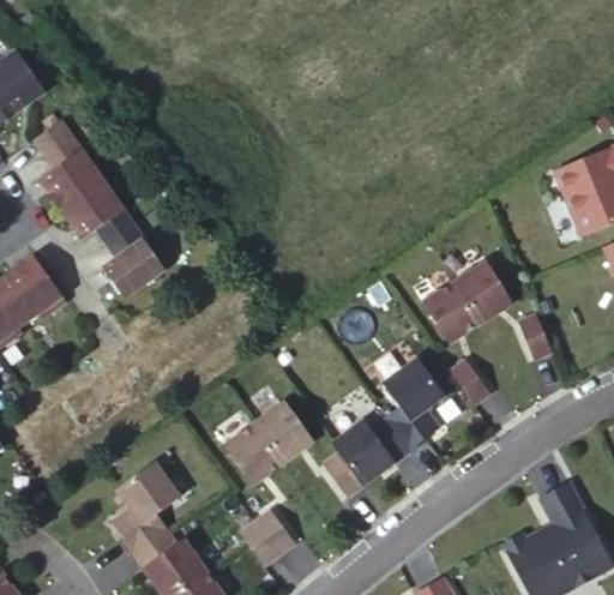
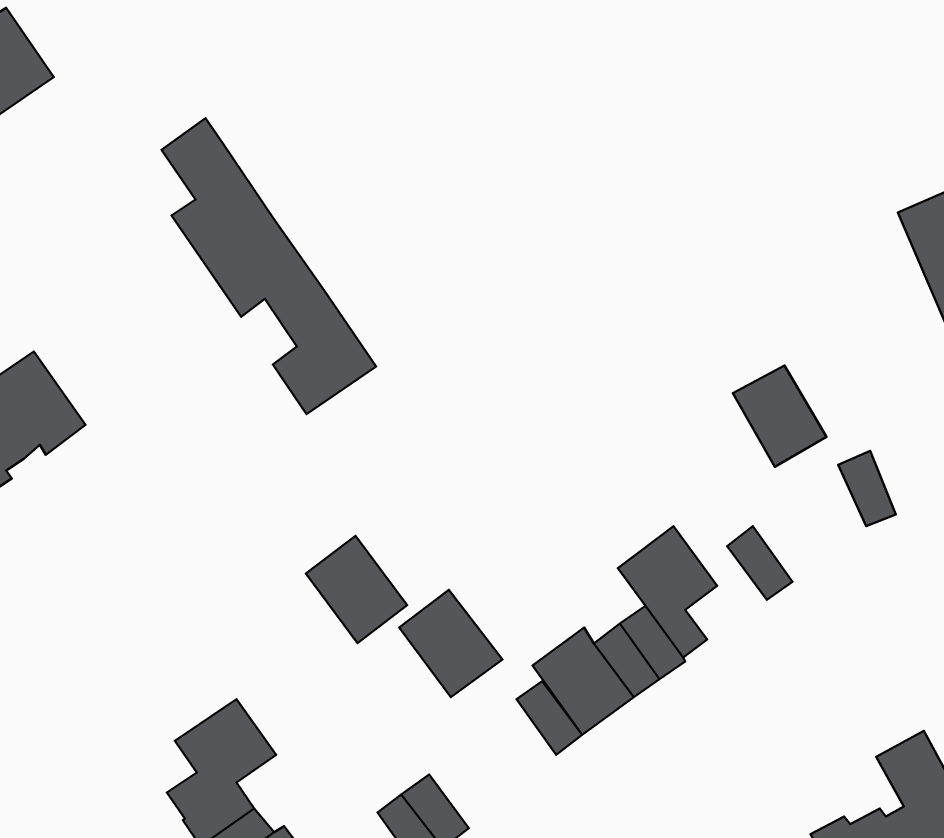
building: [31,116,161,295] -> [162,118,376,414]
building: [423,278,478,339] -> none
building: [222,420,283,485] -> [306,536,407,643]

